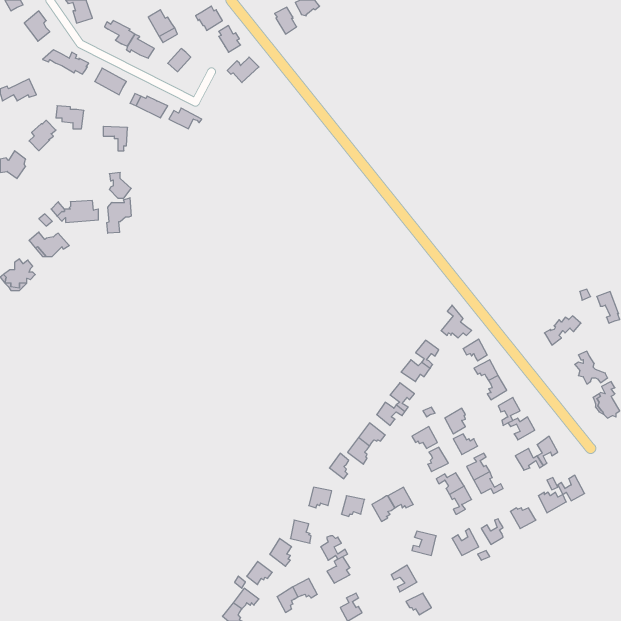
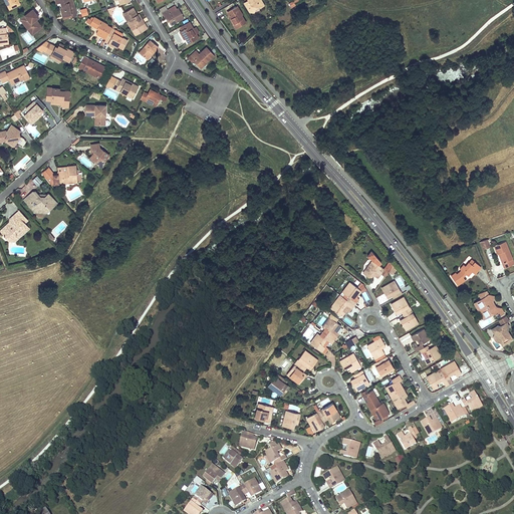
building: [107,198,131,233] -> none

